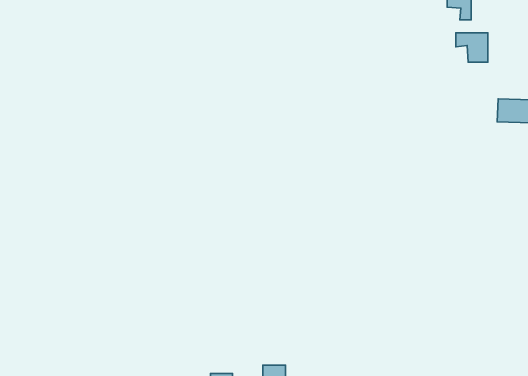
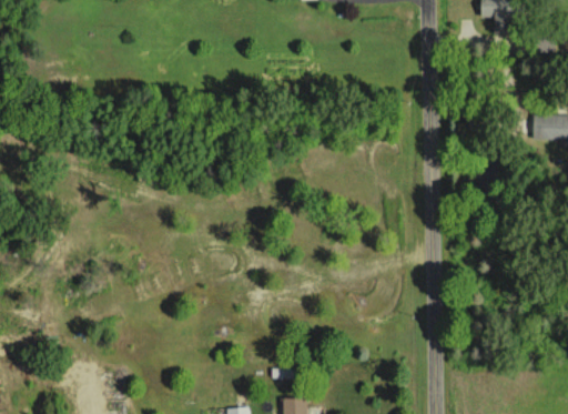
building: [456,33,488,62] -> none

